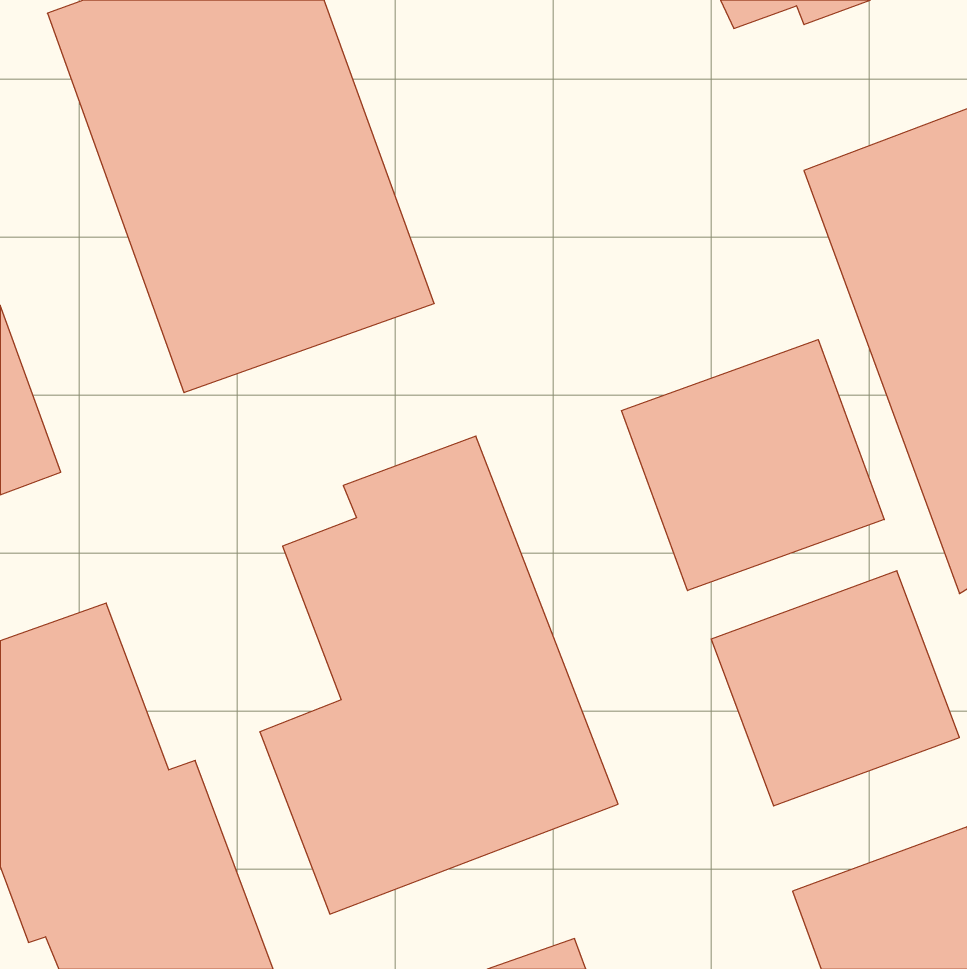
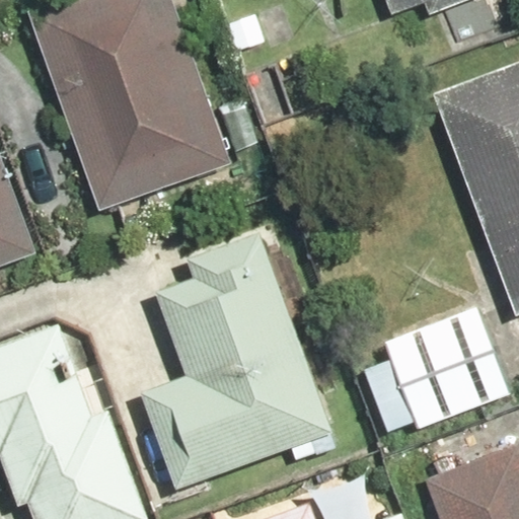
building: [622,340,884,591] -> none

